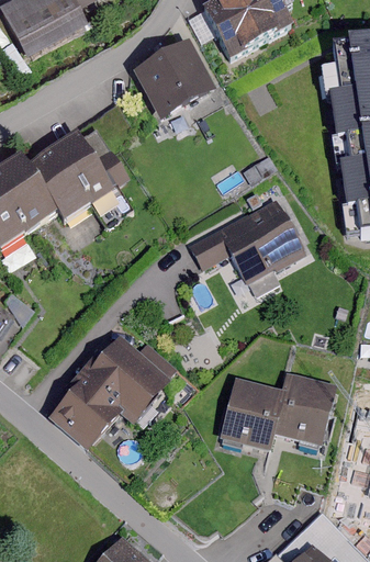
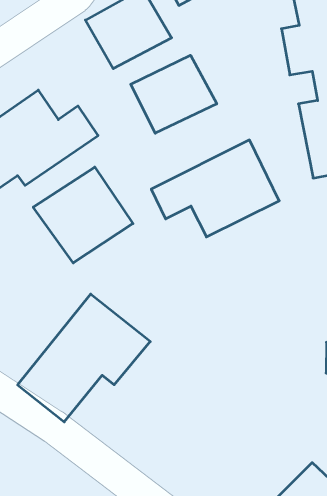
building: none -> [131,55,217,133]
building: none -> [33,167,133,263]
building: [216,367,341,449] -> none

